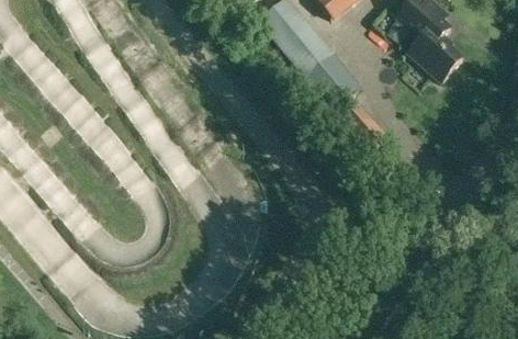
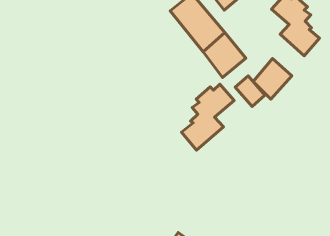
building: none -> [253,58,292,99]
building: none -> [182,84,234,150]

